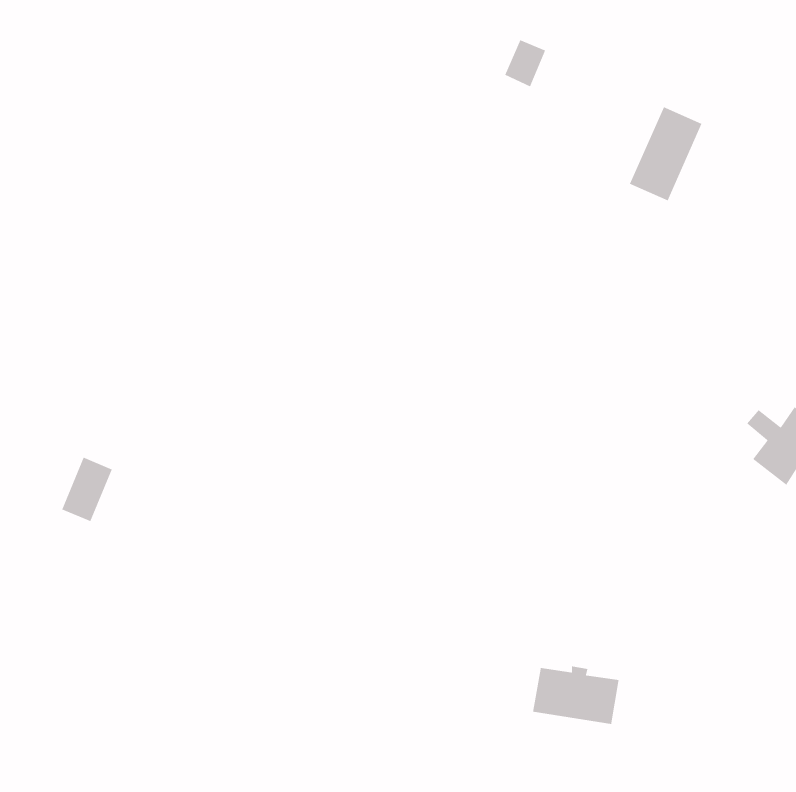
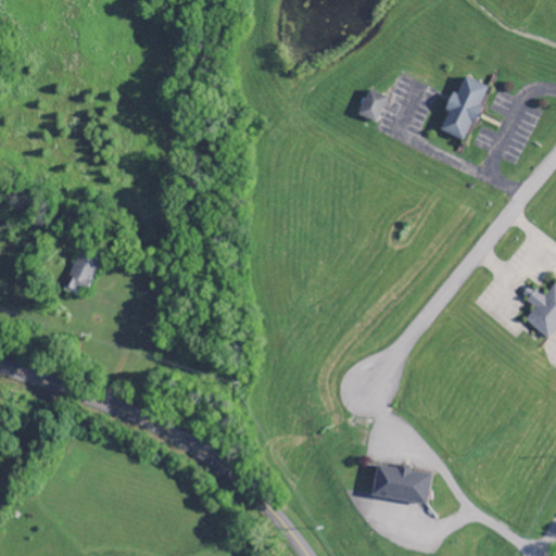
building: [504,39,546,88] -> [358,88,388,122]
building: [61,457,113,522] -> [63,251,99,296]

